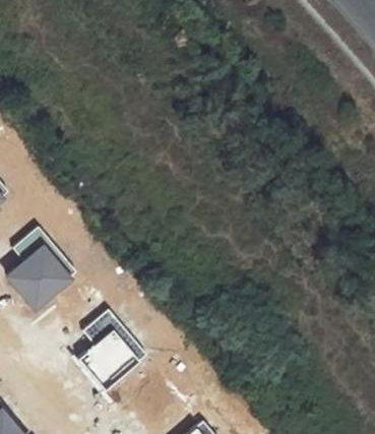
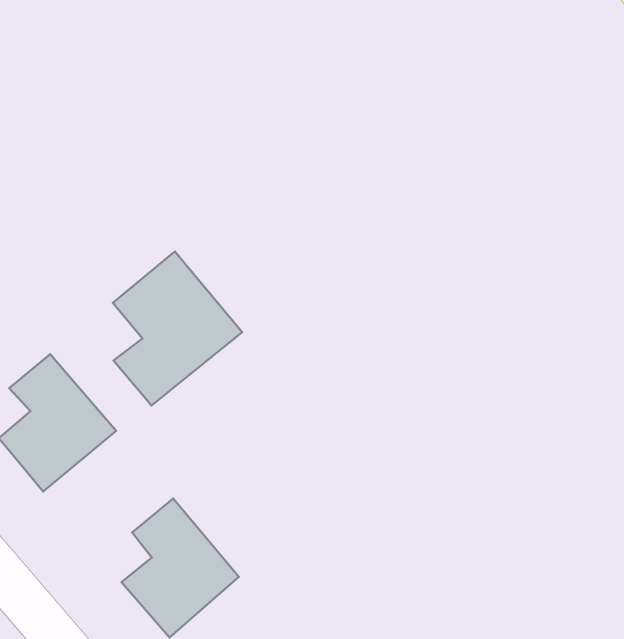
building: none -> [113,251,242,405]

